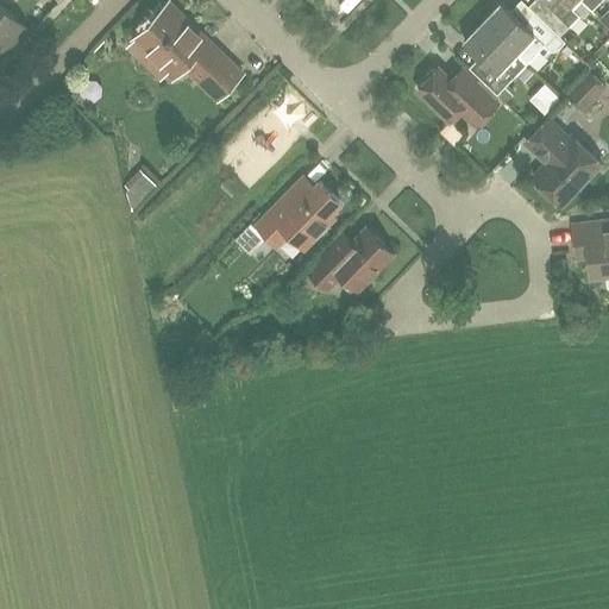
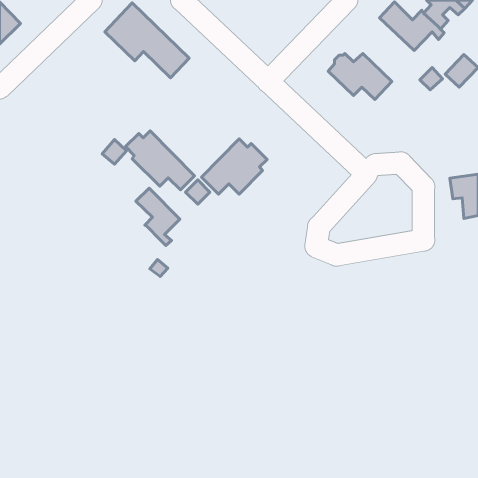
building: [463,24,526,105] -> none
building: [525,120,599,206] -> none
building: none -> [125,131,194,190]
building: [307,230,391,290] -> none
building: none -> [136,188,180,245]

